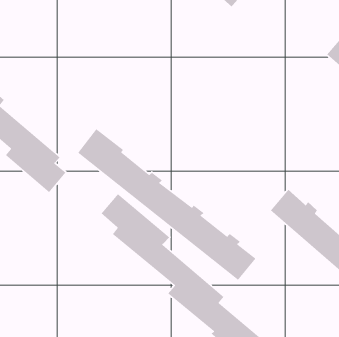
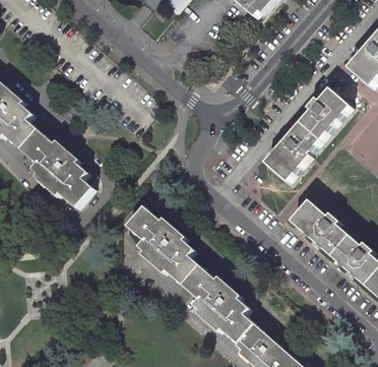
building: none -> [264,87,350,182]
building: [77,128,256,281] -> none

